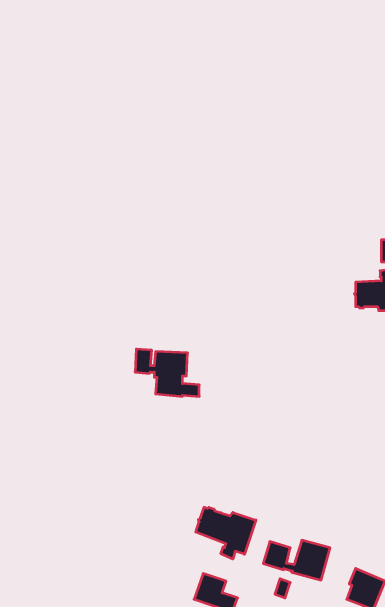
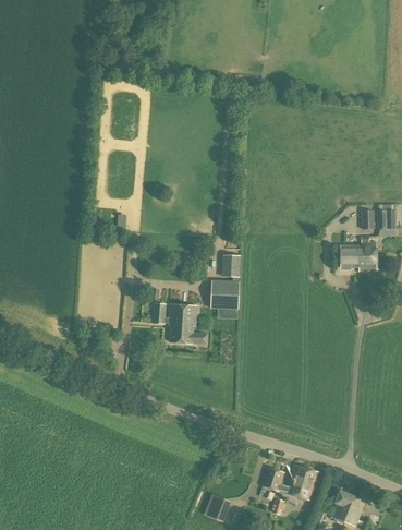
building: none -> [209,254,239,309]
building: [196,507,256,559] -> none

